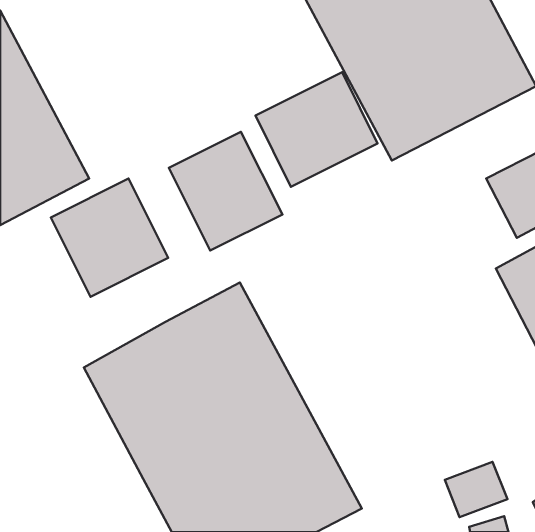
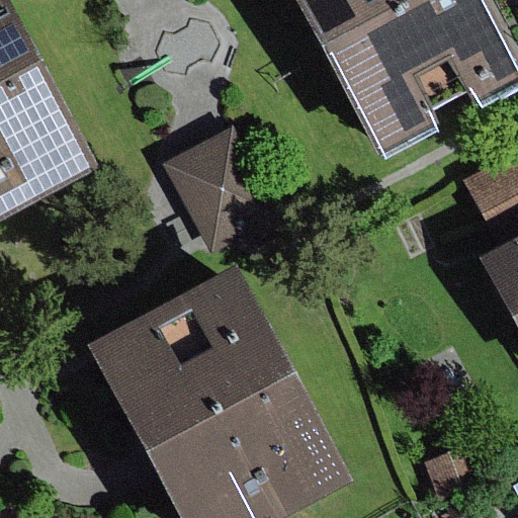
building: [255,72,378,187] -> none
building: [51,179,168,297] -> none

